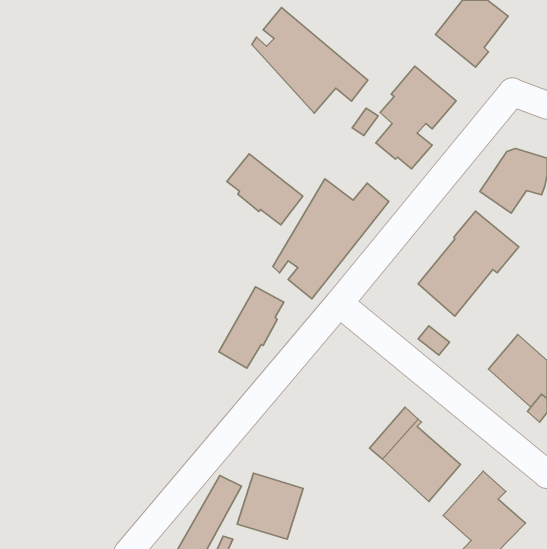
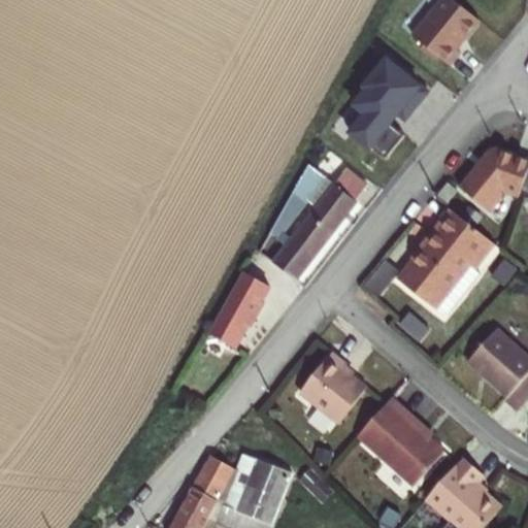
building: [252,7,368,113] -> none
building: [227,154,303,225] -> none
building: none -> [294,348,361,418]

